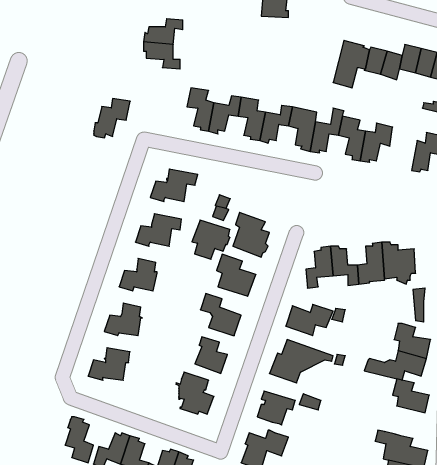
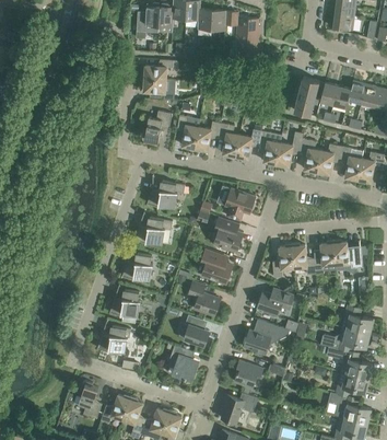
building: [94,99,130,138] -> [142,111,172,142]
building: none -> [340,147,363,182]
building: [192,220,230,259] -> [224,188,255,220]
building: none -> [336,372,368,396]

